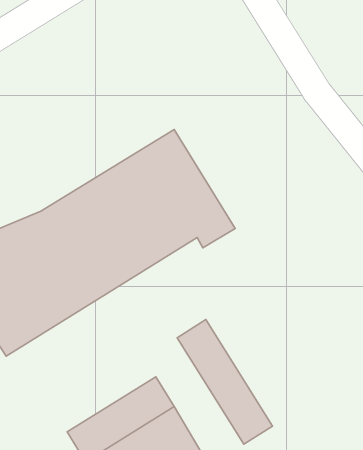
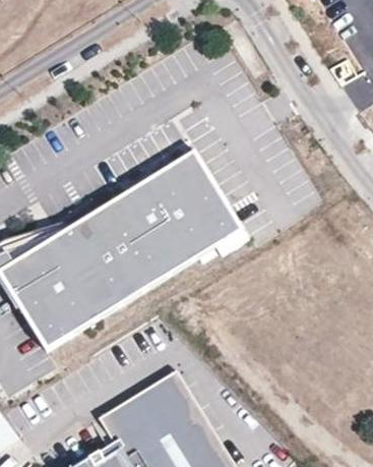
building: [177,320,272,444] -> none

